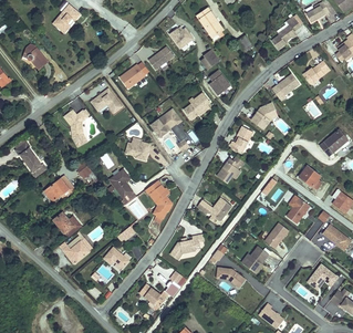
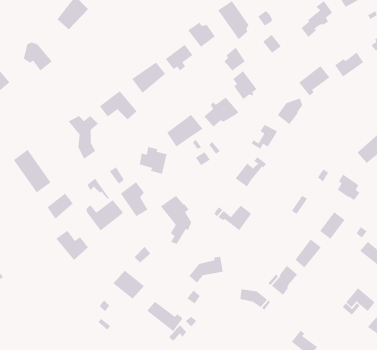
building: [61,239,95,268] -> [85,199,124,232]

